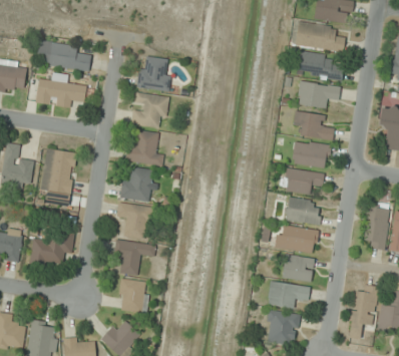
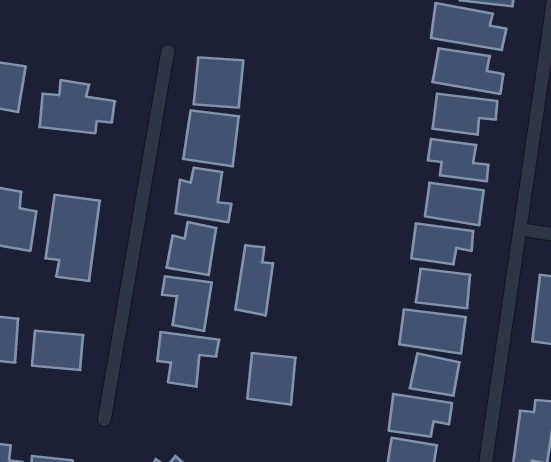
building: [35,40,90,71] -> none
building: none -> [235,245,273,316]
building: [117,279,149,313] -> [247,353,296,405]

